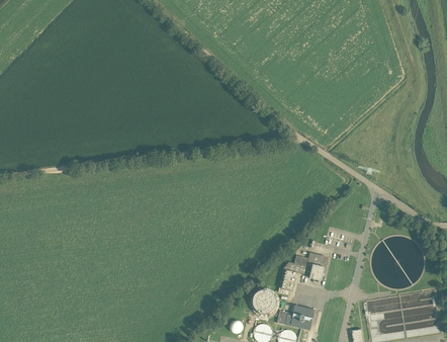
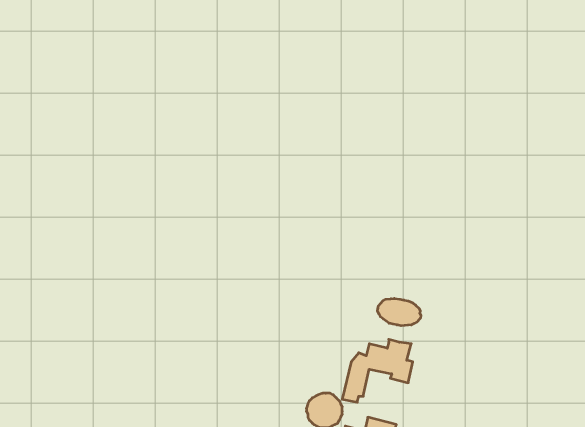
building: none -> [377,298,421,326]

